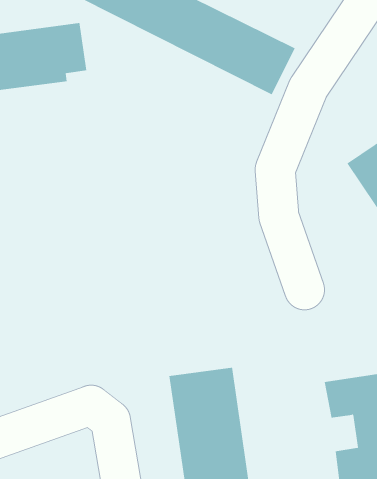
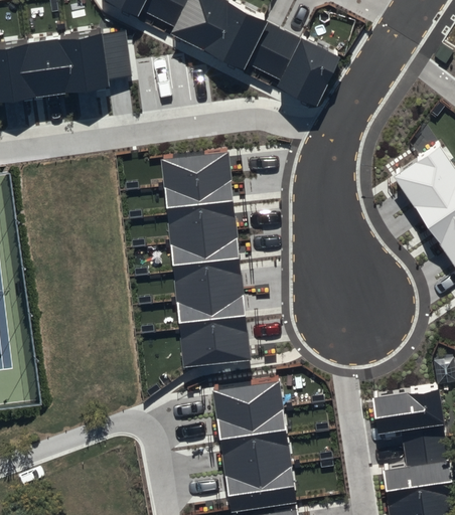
building: none -> [162,155,251,370]

